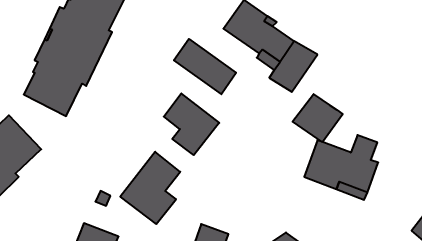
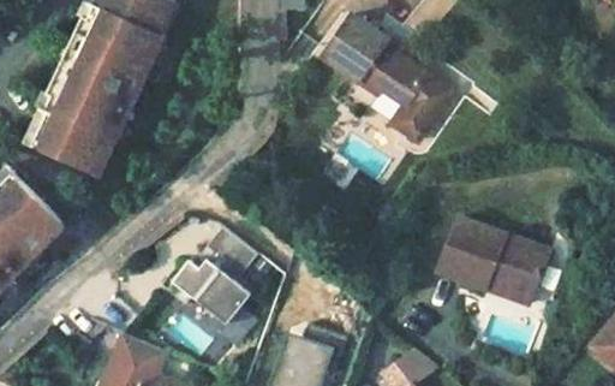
building: [174,39,236,94] -> none
building: [164,93,219,155] -> none
building: [293,94,343,142] -> none

